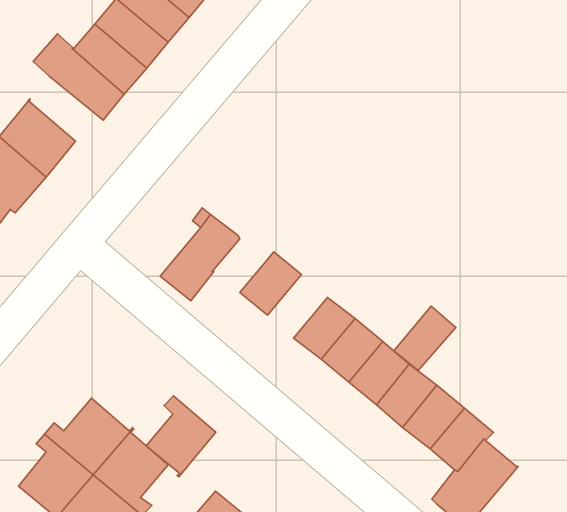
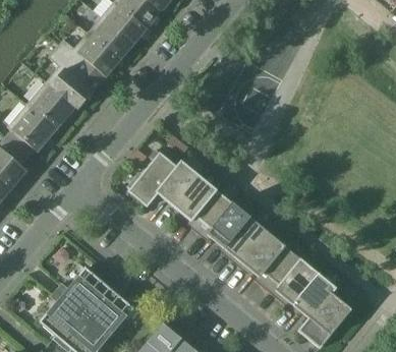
building: none -> [46,66,93,110]
building: none -> [161,161,200,201]
building: none -> [195,190,233,230]
building: [394,306,456,370] -> none
building: [146,396,216,477] -> none

